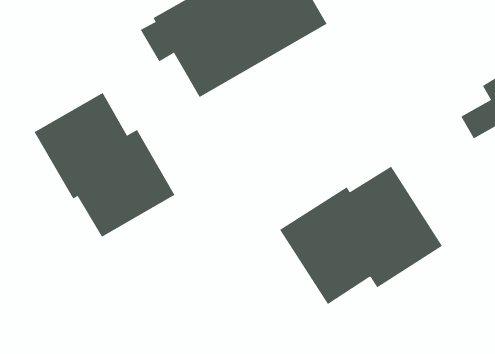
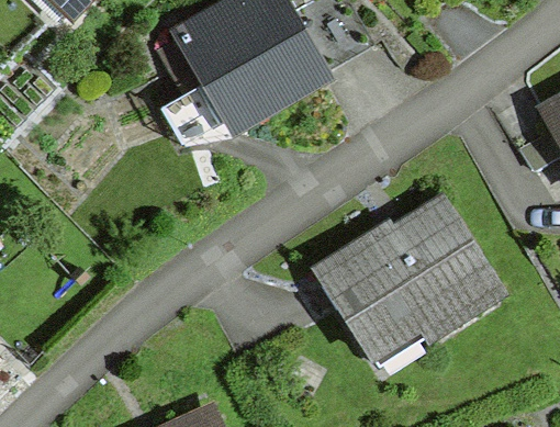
building: [34,92,175,237] -> none

